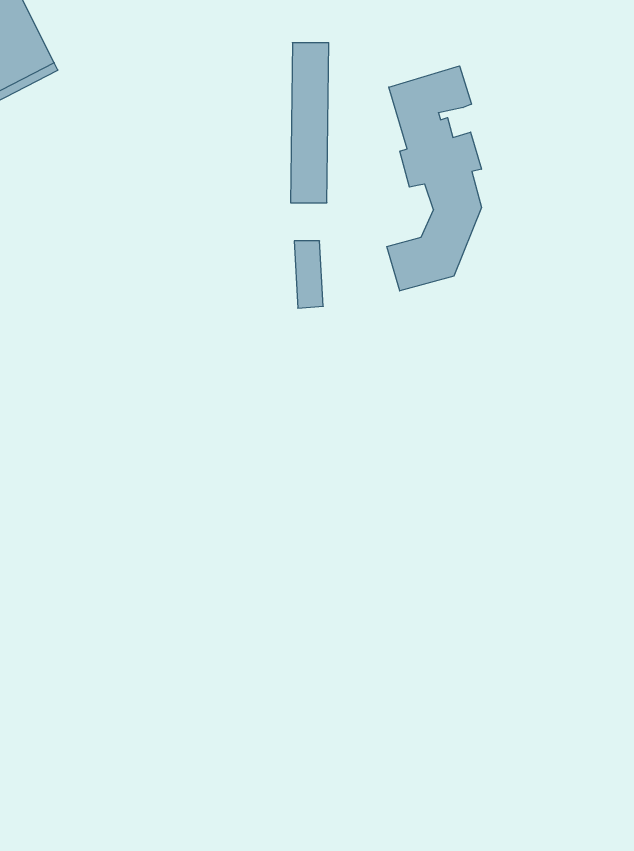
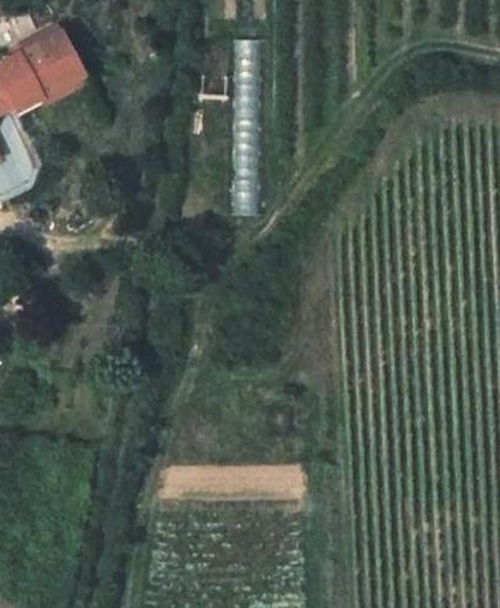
building: [387,66,482,291] -> none

